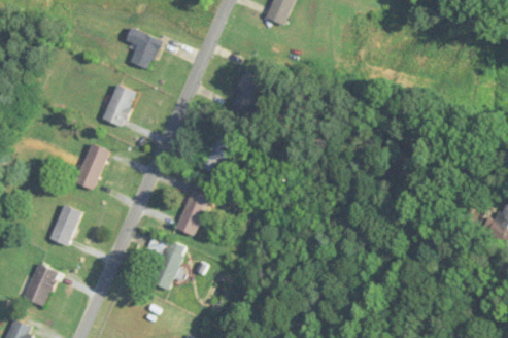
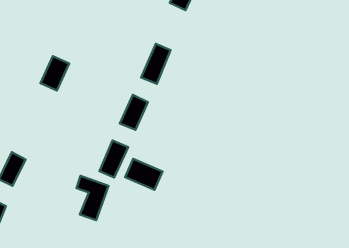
building: [125,27,161,69] -> none
building: [73,143,108,191] -> none
building: none -> [125,159,162,190]

